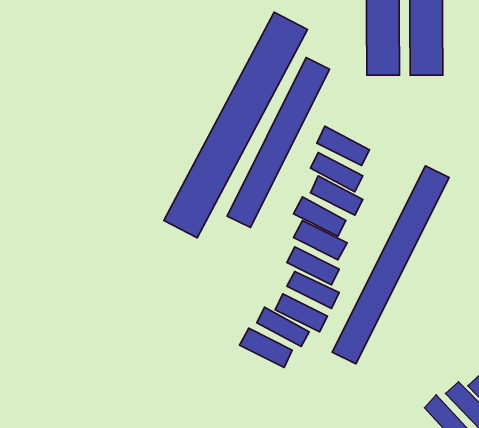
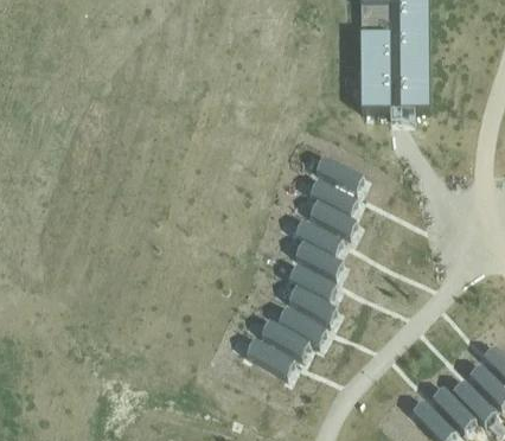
building: [164,12,308,238] -> none
building: [227,58,330,228] -> none
building: [332,166,449,364] -> none

